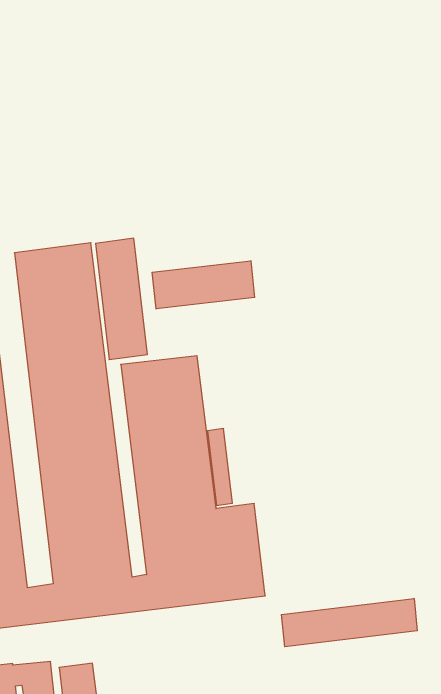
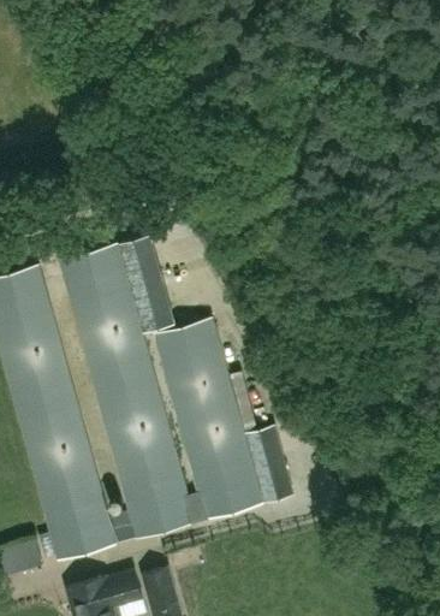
building: [152,261,255,309] -> none
building: [281,598,417,647] -> none

